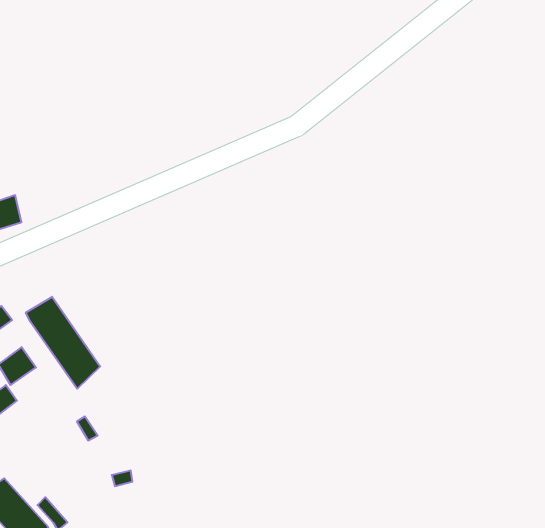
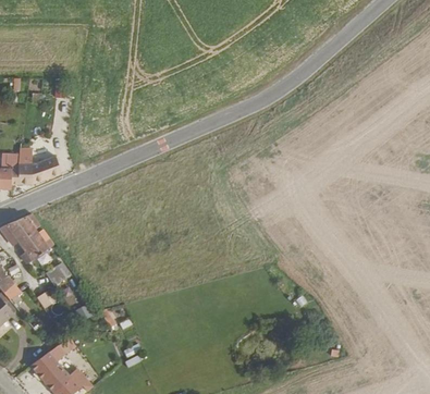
building: [26,297,100,389] -> none

